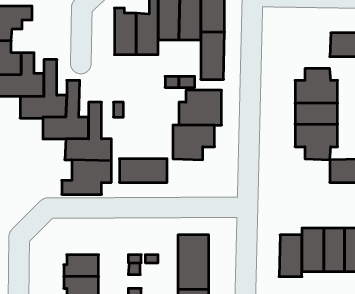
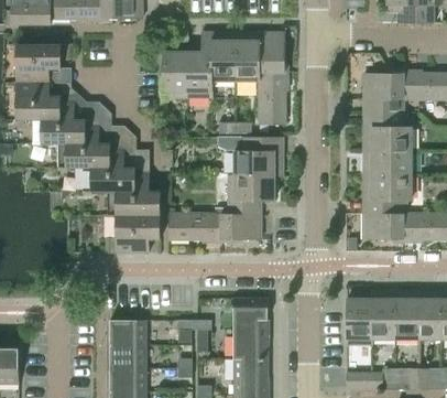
building: none -> [363,74,403,114]
building: none -> [221,214,261,240]
building: none -> [363,214,402,240]

